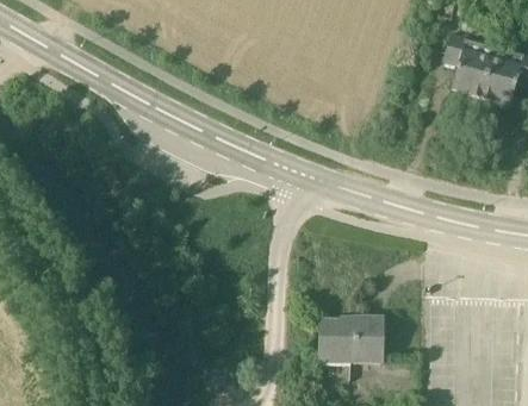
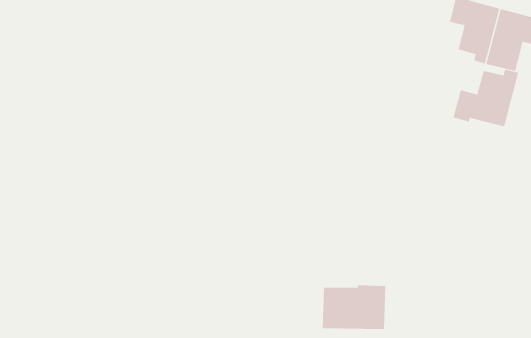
building: none -> [453,69,519,127]

